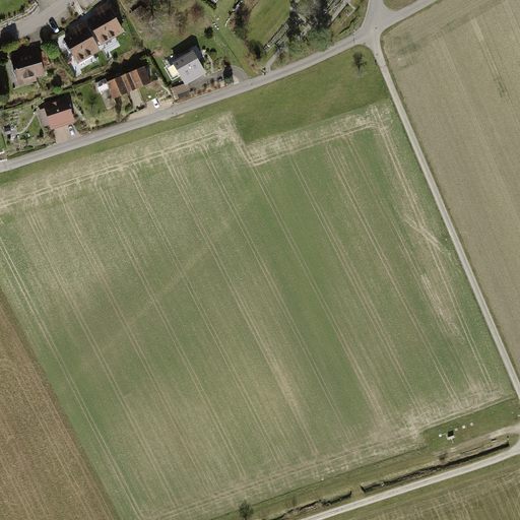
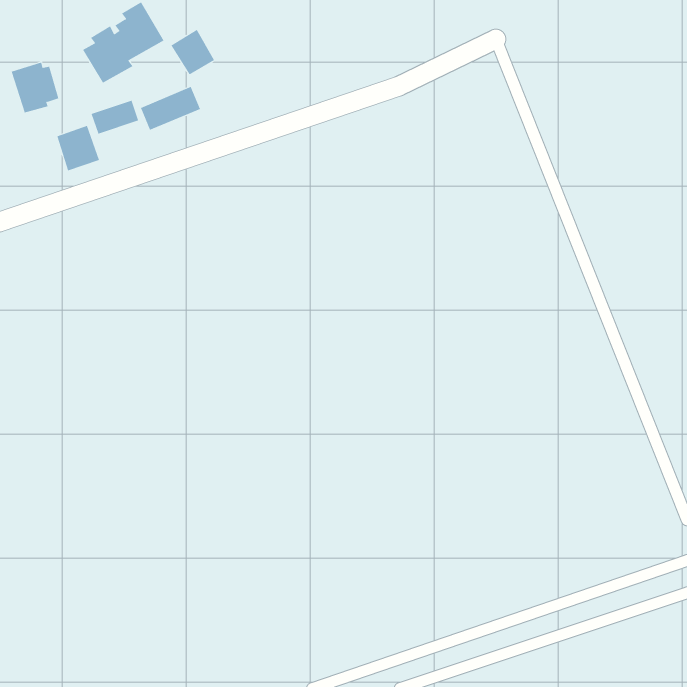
building: [172,51,205,85] -> [170,29,215,75]
building: none -> [91,100,139,134]

